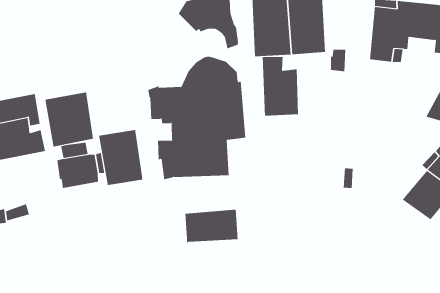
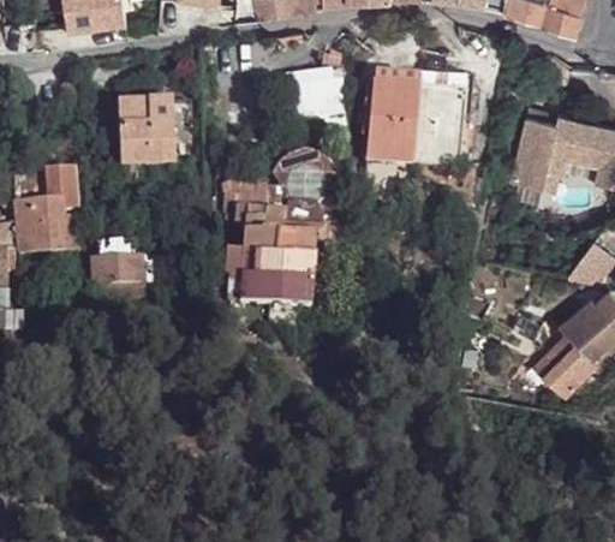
building: [262,56,298,117] -> none
building: [45,92,94,147] -> [118,105,174,169]
building: [98,129,145,186] -> none
building: [185,209,238,244] -> none

